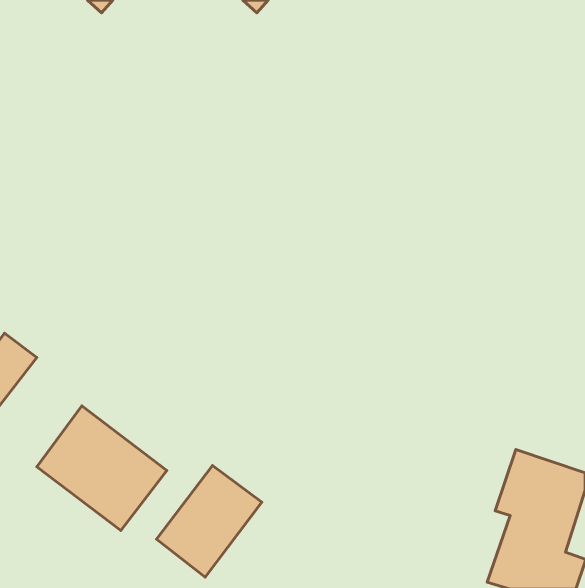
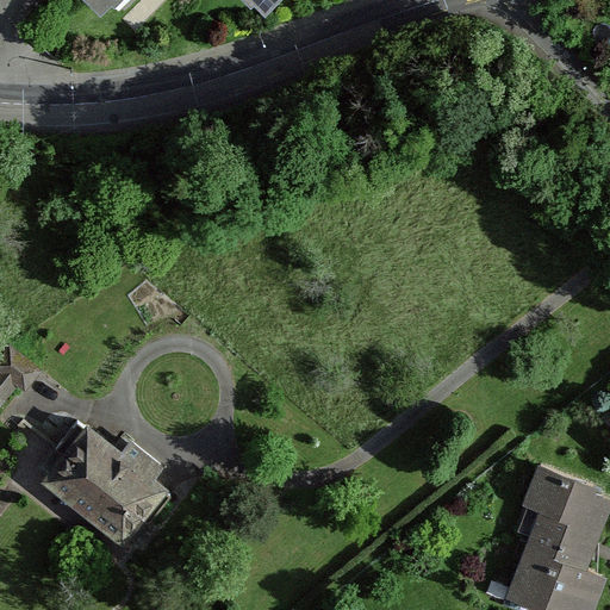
building: [156,465,262,577] -> none

